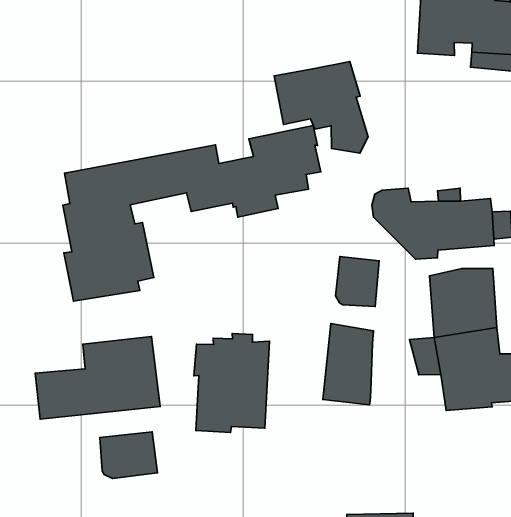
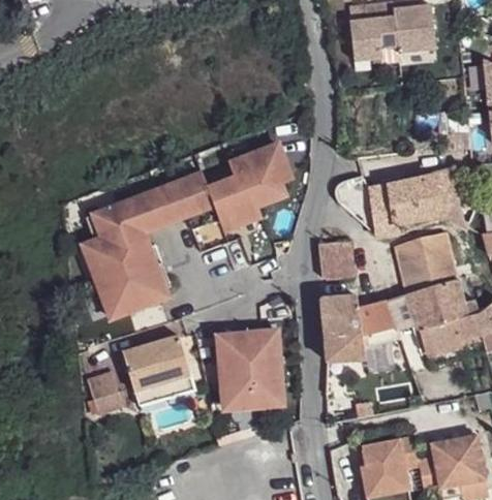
building: [274,62,368,153] -> none
building: none -> [357,300,400,346]
building: [100,432,157,478] -> none

